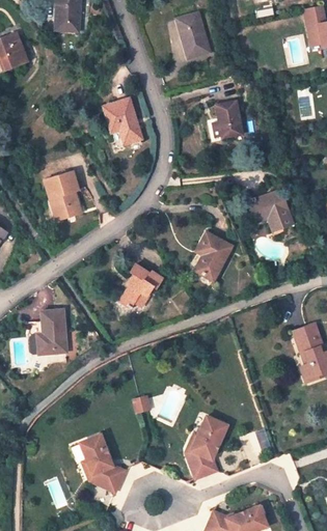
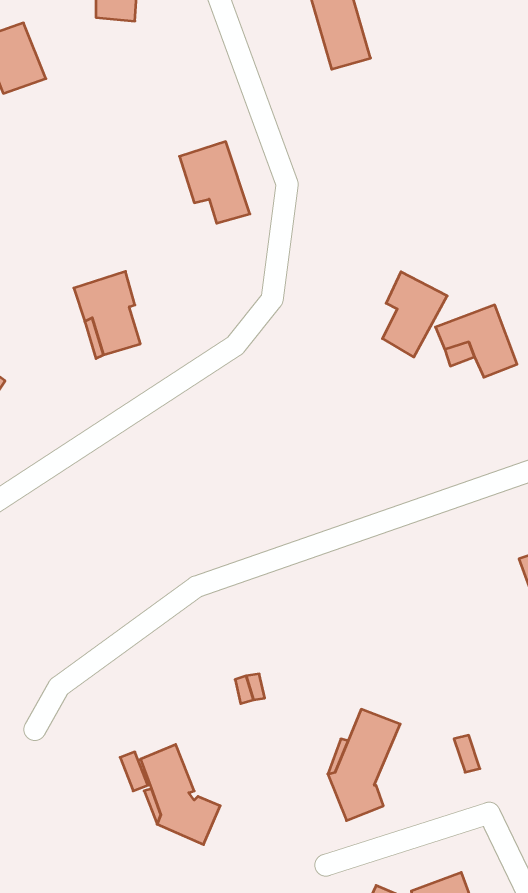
building: [215,101,243,138] -> none
building: [195,232,231,280] -> [382,272,447,357]
building: [119,263,161,307] -> none
building: [37,309,66,354] -> none

